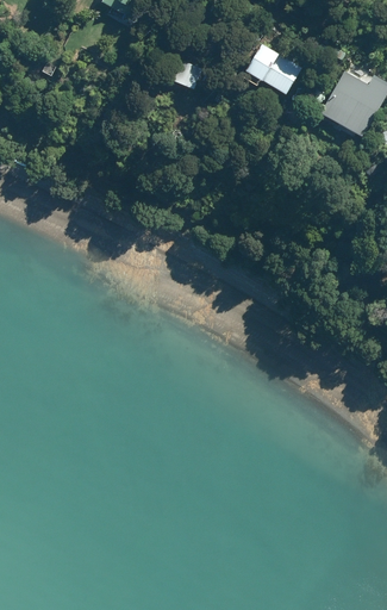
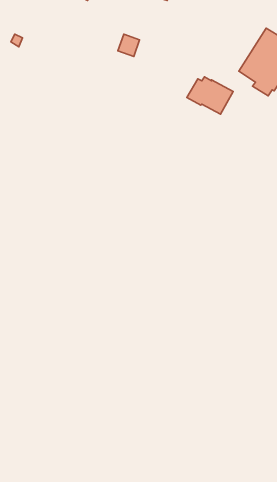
building: [246,49,302,94] -> [187,77,233,114]

